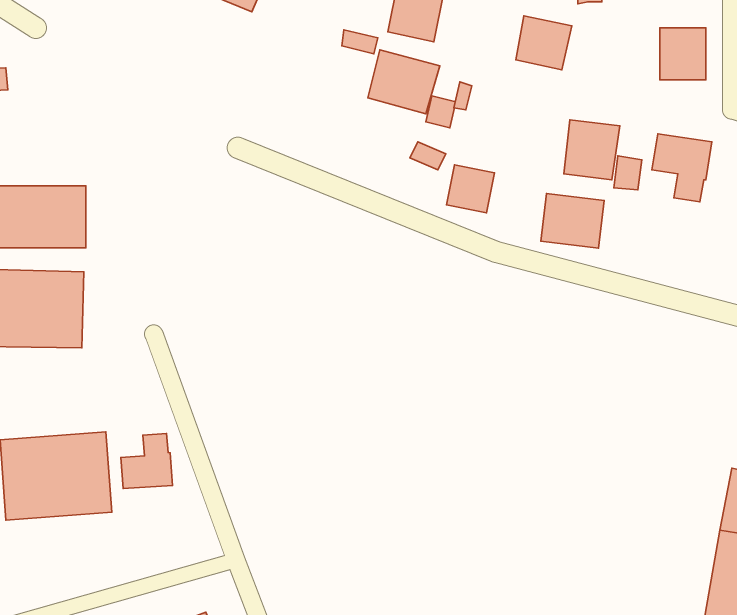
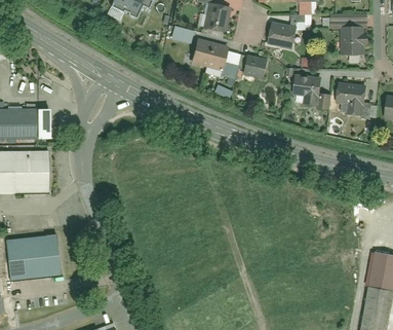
building: [446,165,494,213] -> [244,54,269,79]
building: [541,194,604,248] -> none
building: [121,434,173,489] -> none

